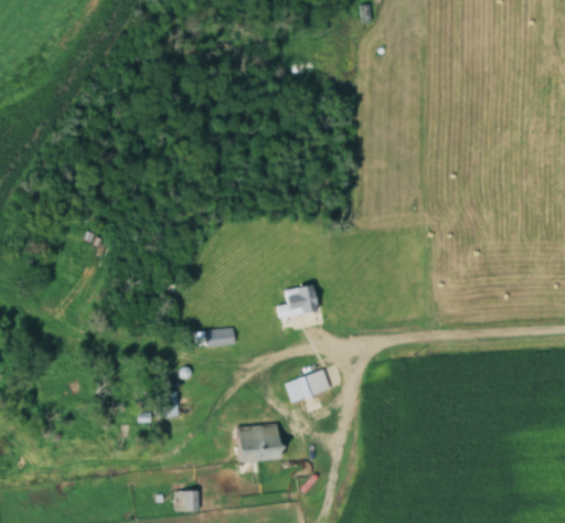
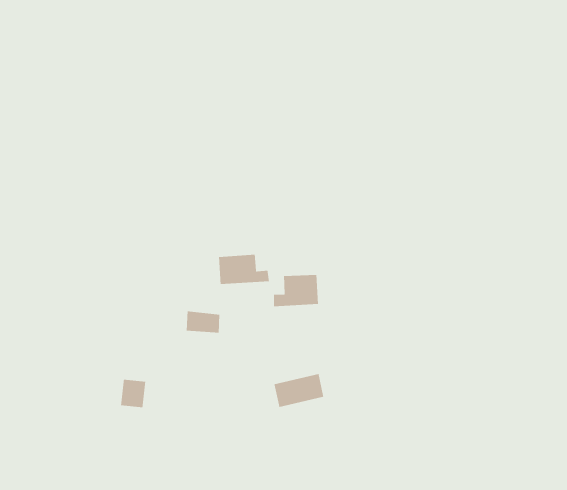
building: none -> [218,254,270,285]
building: [238,425,279,461] -> none

